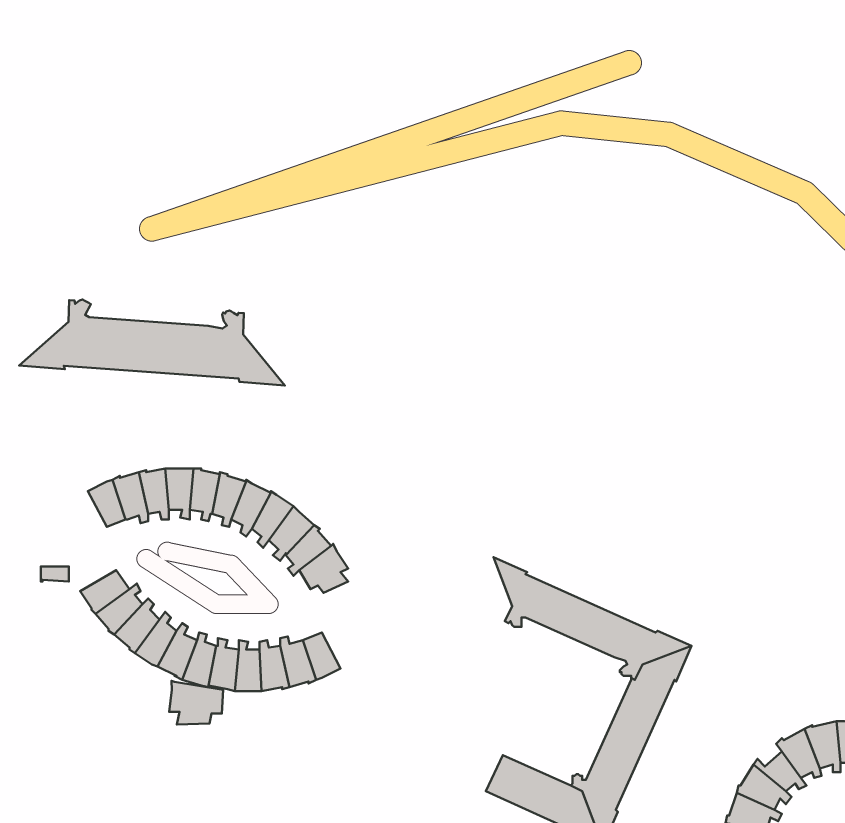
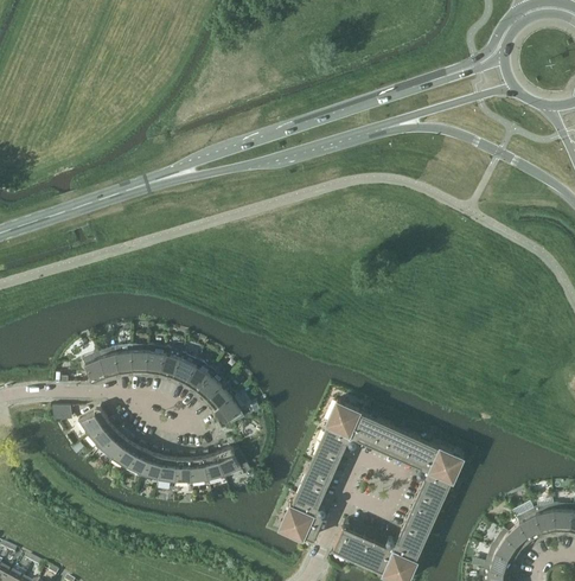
building: [19,300,285,385] -> none
building: none -> [281,402,350,540]
building: [169,681,223,724] -> none

